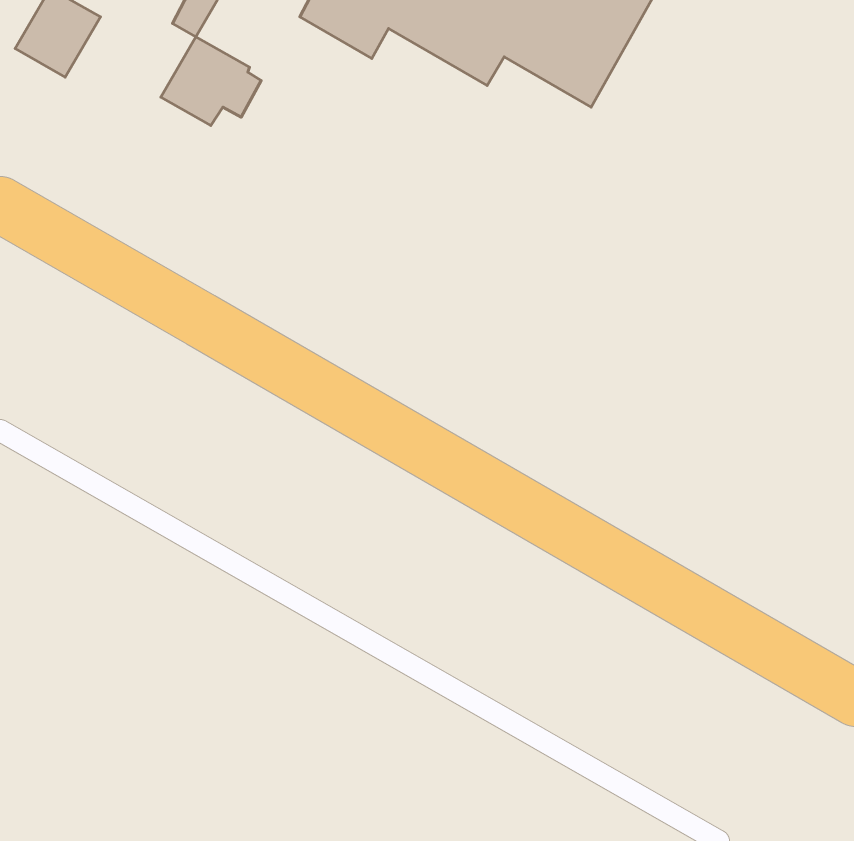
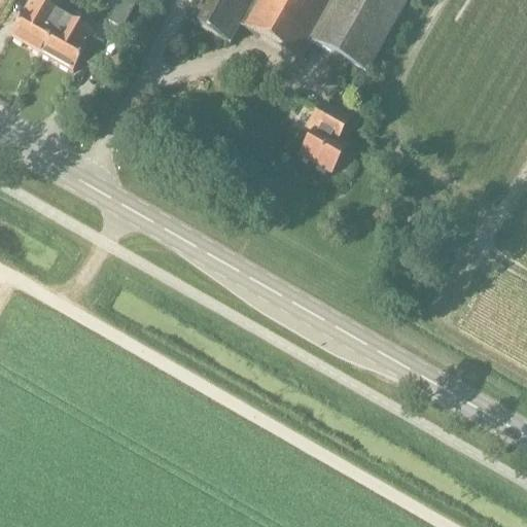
building: [161,37,261,126] -> [41,10,103,65]
building: none -> [300,96,351,167]

